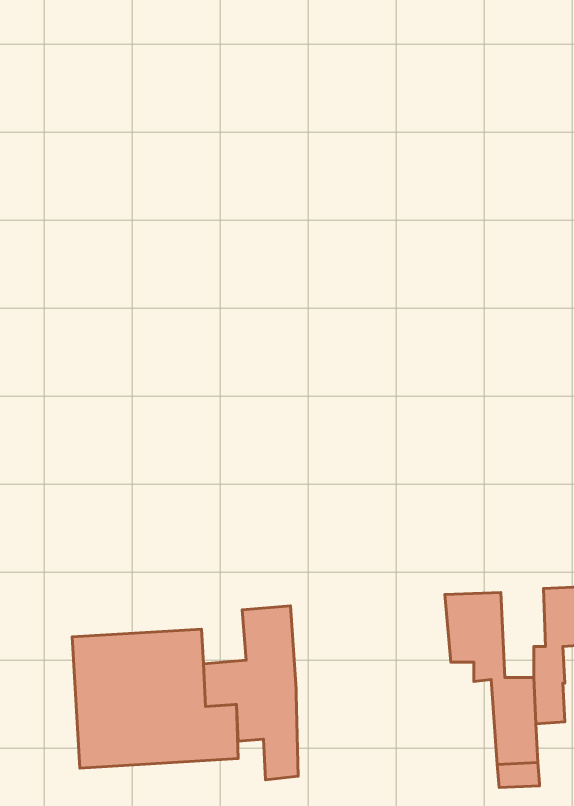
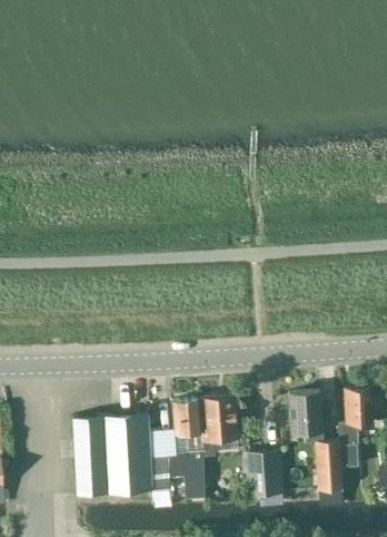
building: none -> [199,396,247,450]
building: none -> [245,451,282,502]

